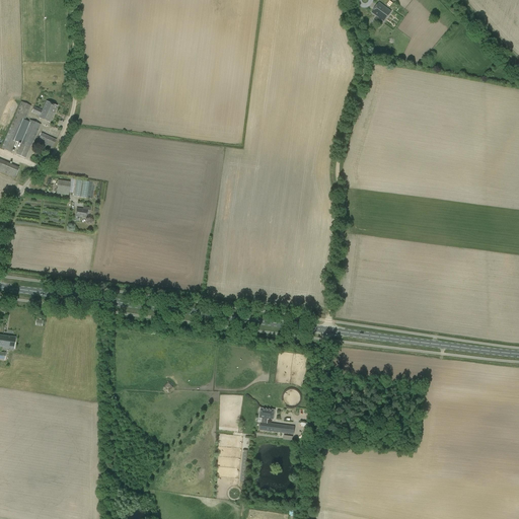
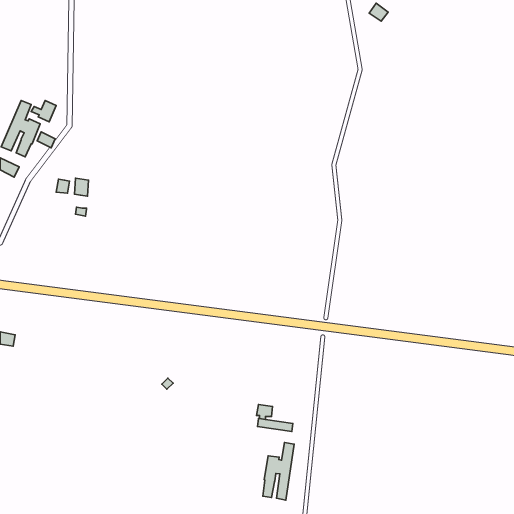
building: none -> [263,442,294,500]

